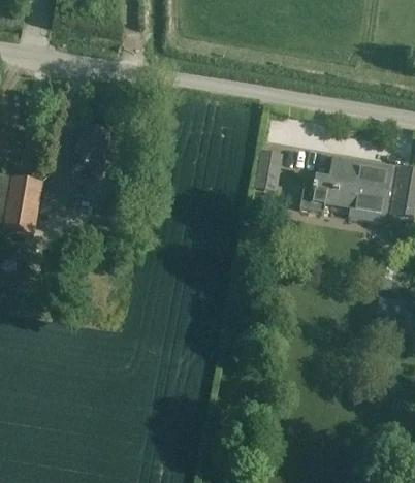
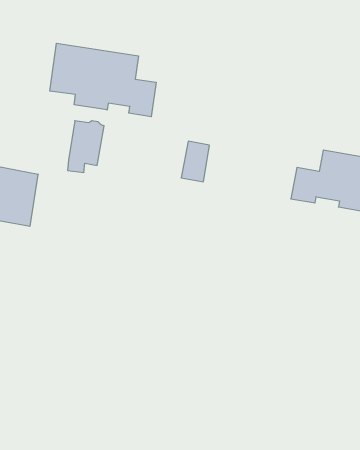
building: none -> [50,43,156,117]
building: [255,150,284,191] -> [181,141,209,182]

